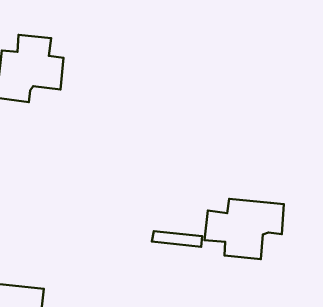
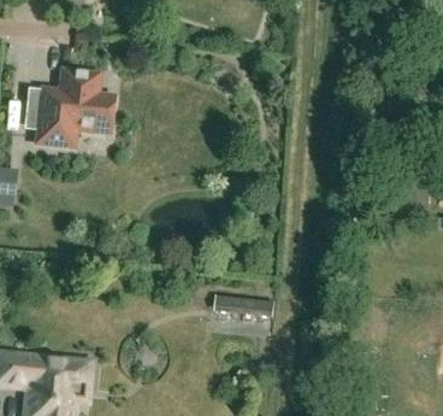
building: [204,199,284,259] -> none

